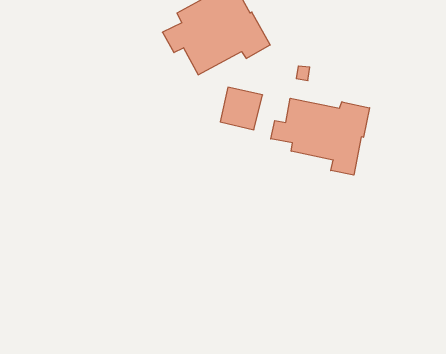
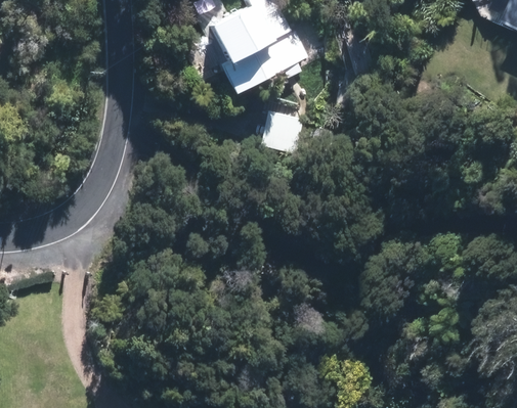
building: [271,98,370,175] -> none

